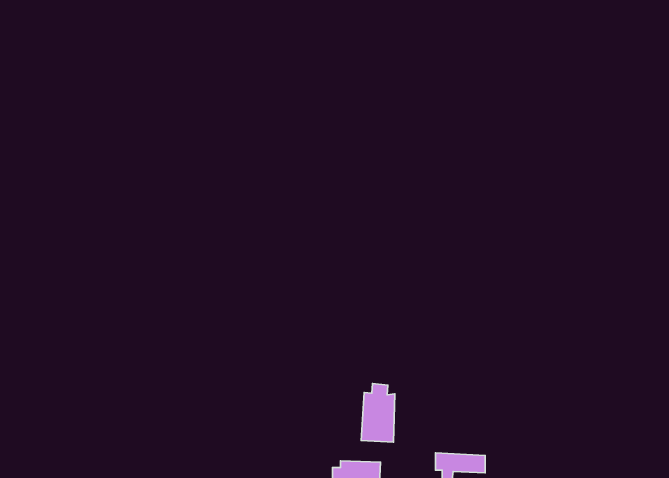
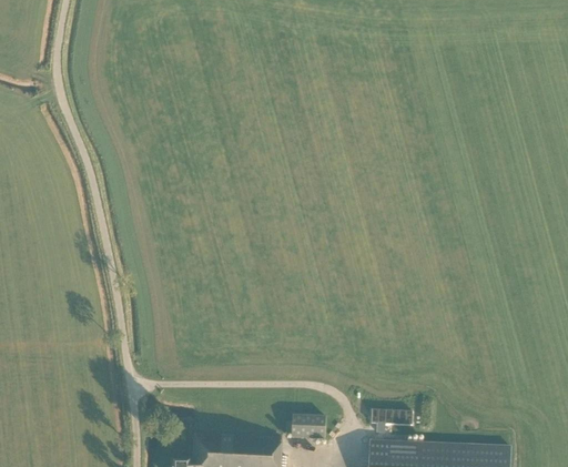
building: [361,384,395,442] -> none

